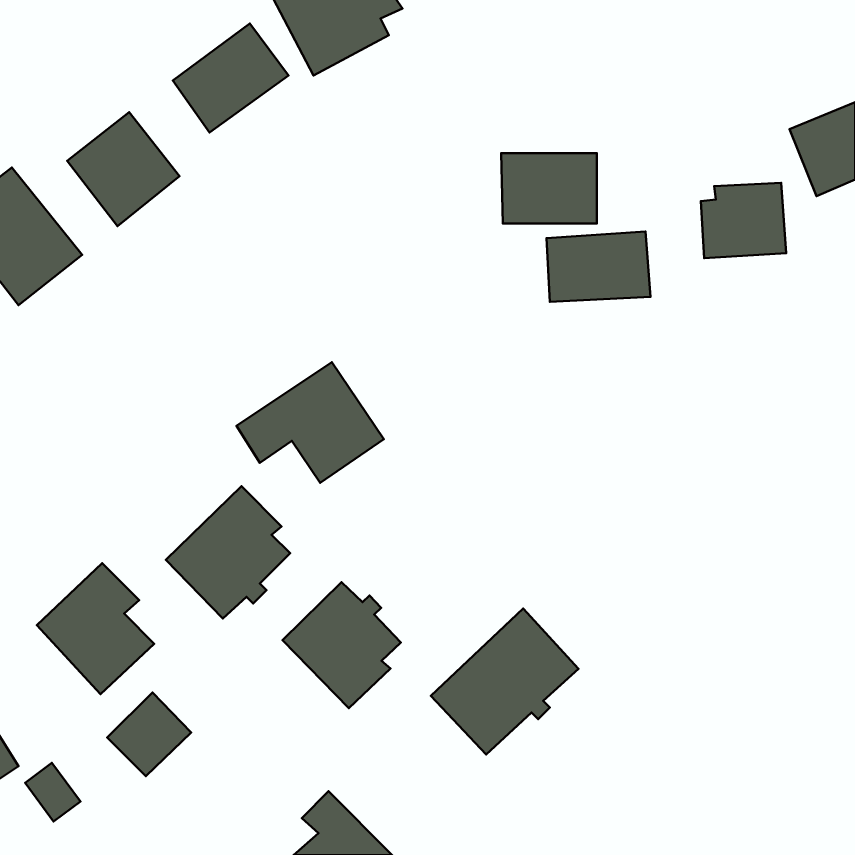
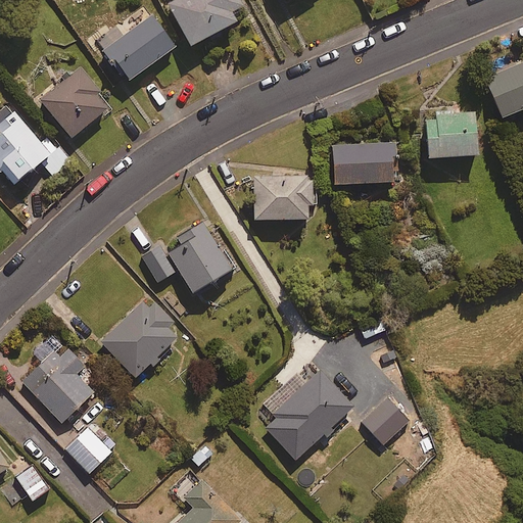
building: [501,153,597,223] -> [254,176,313,219]
building: [282,582,401,708] -> none
building: none -> [362,397,410,446]

